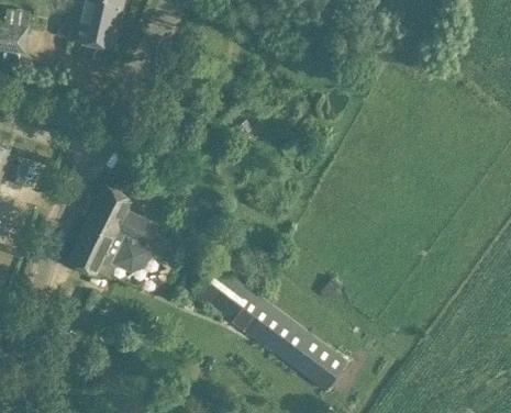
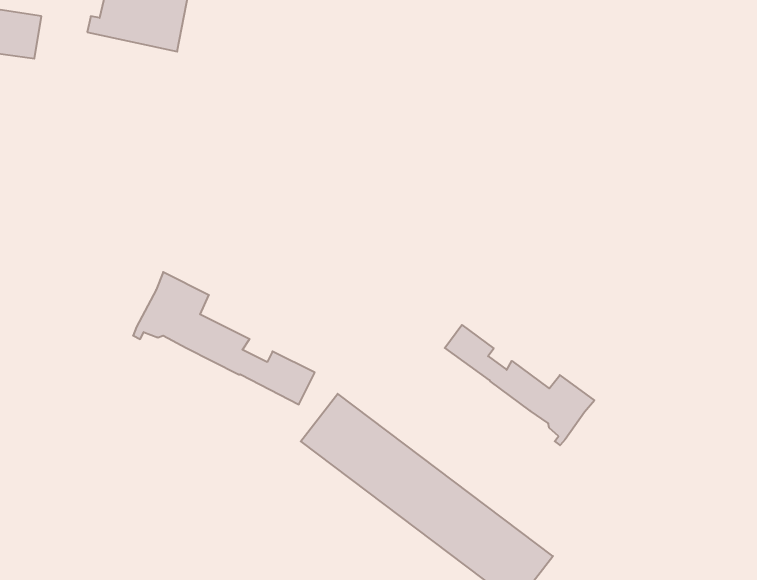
building: none -> [445,325,594,445]
building: [69,223,154,279] -> none

